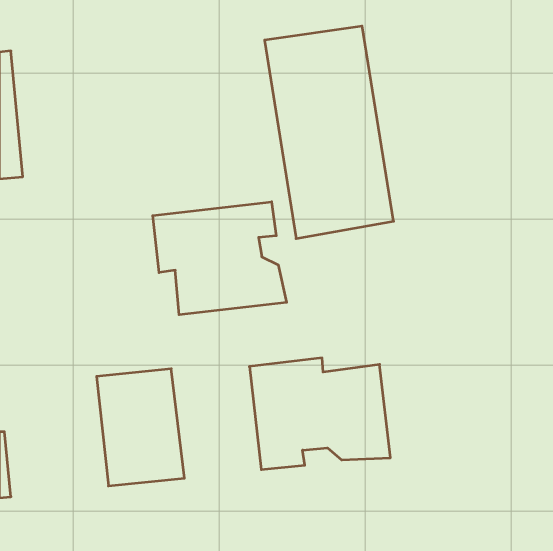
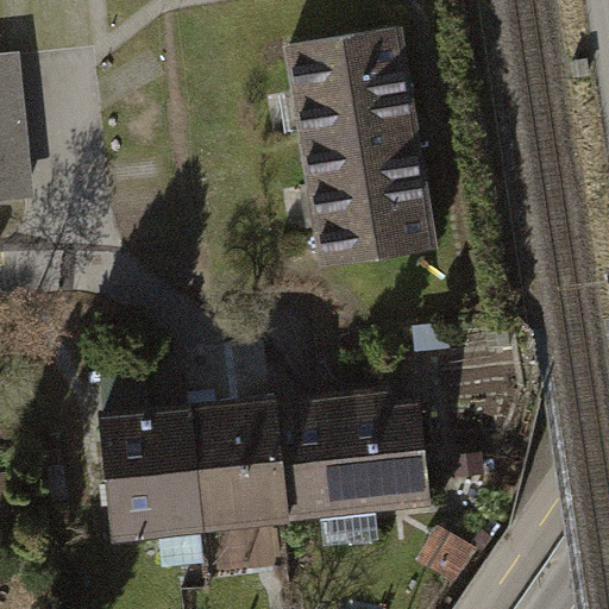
building: [153,202,287,315] -> none
building: none -> [188,398,287,528]

